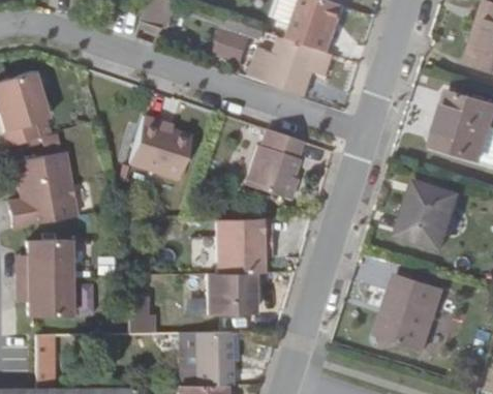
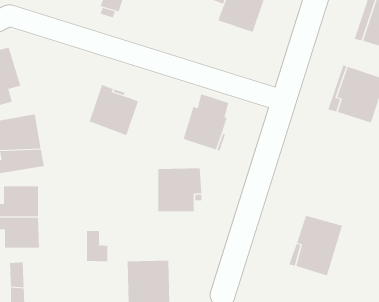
building: [213,18,277,62] -> none
building: [252,37,338,98] -> none
building: [401,184,459,249] -> none
building: [205,271,252,311] -> none

